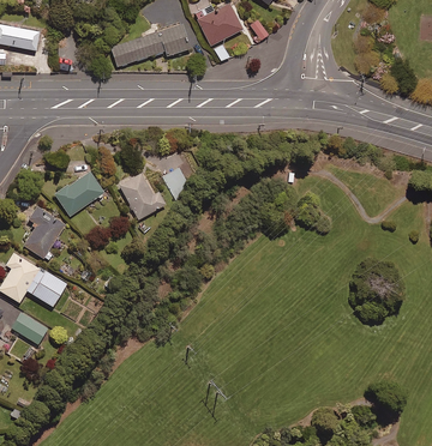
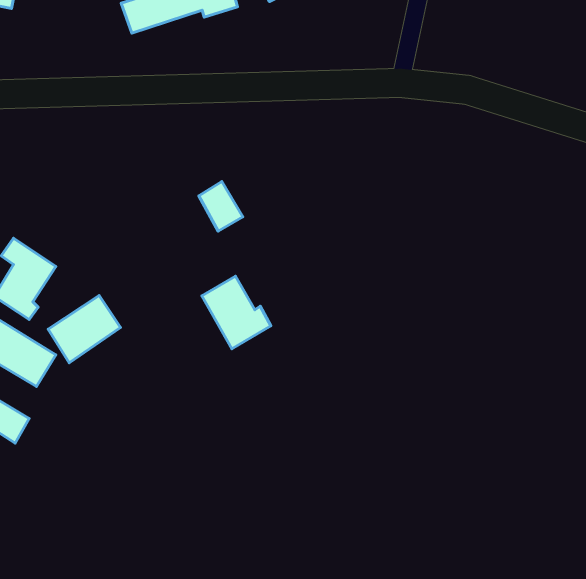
building: [55,170,104,216] -> [48,296,120,363]
building: [119,170,166,219] -> [202,276,271,349]

